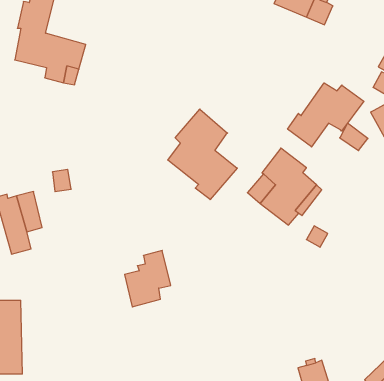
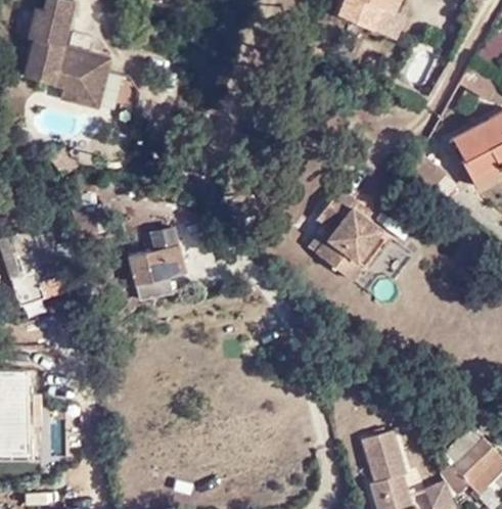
building: [288,83,364,147] -> none
building: [168,109,237,200] -> none
building: [125,250,171,307] -> [128,232,183,299]

